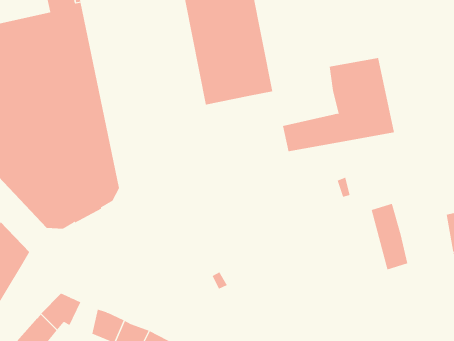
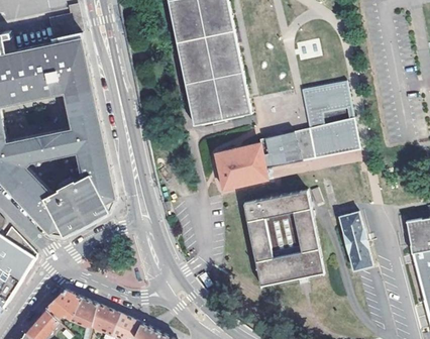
building: none -> [215,142,267,189]
building: none -> [243,190,325,288]
building: none -> [72,299,96,327]

